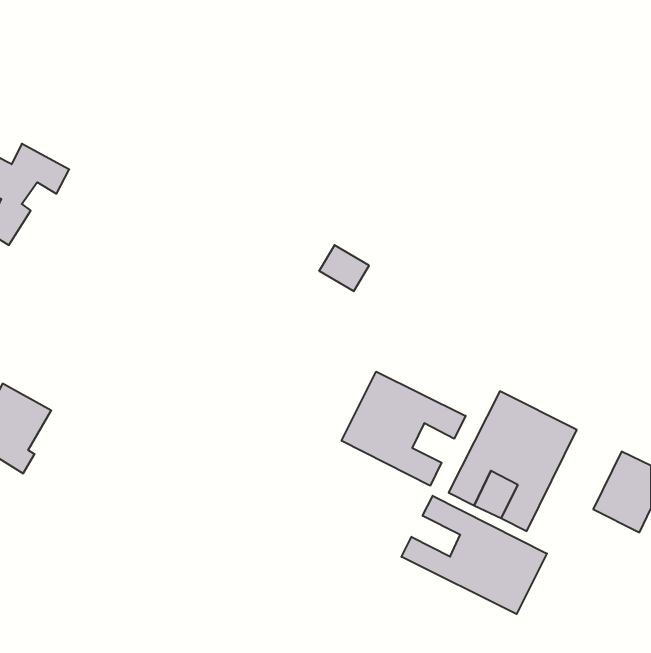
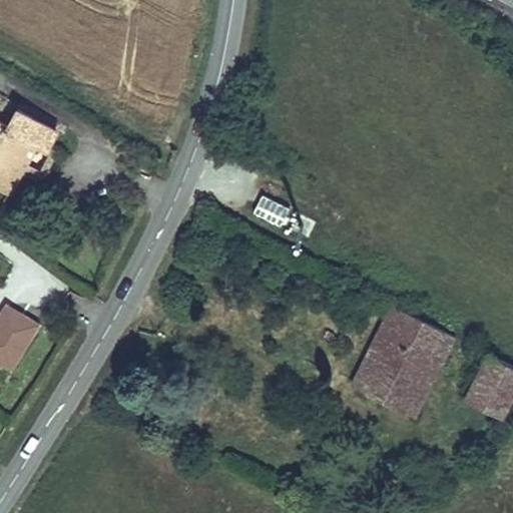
building: [342,372,466,486] -> none
building: [401,496,547,614] -> none

